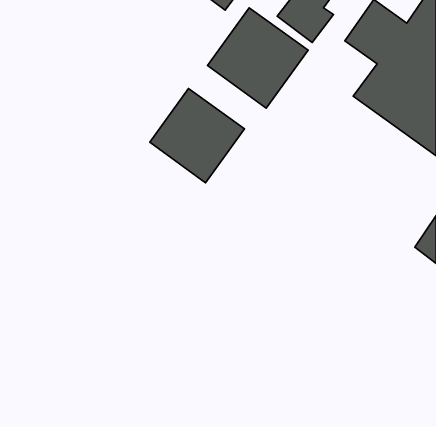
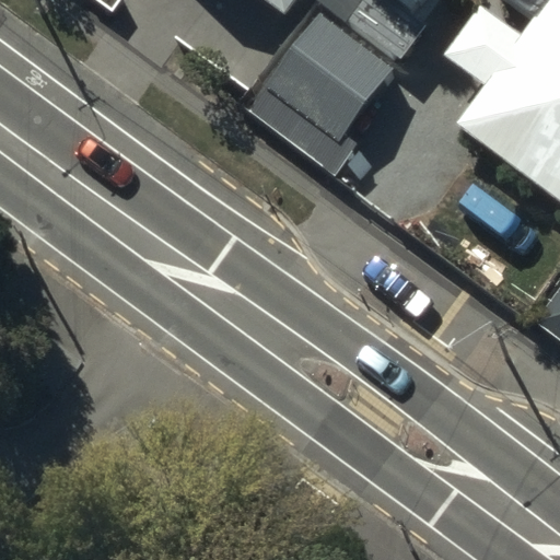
building: [150,88,244,183] -> none

